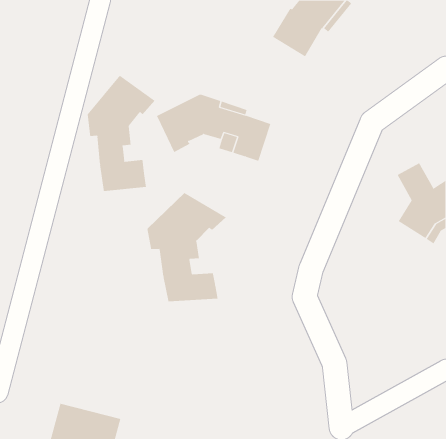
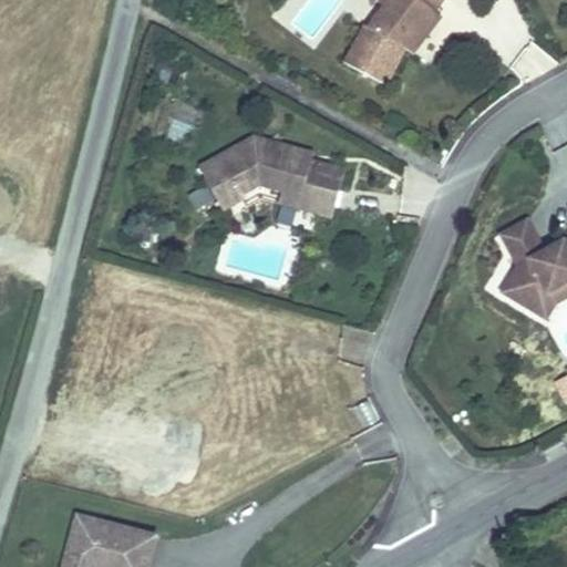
building: [87,75,155,192] -> none
building: [147,192,227,302] -> none

